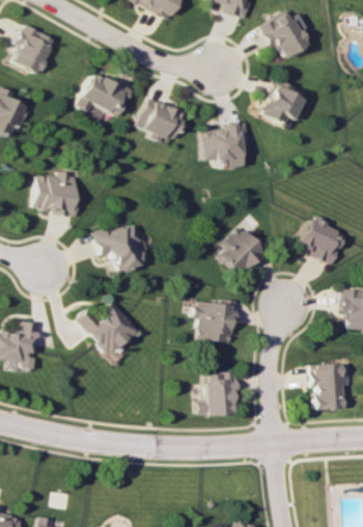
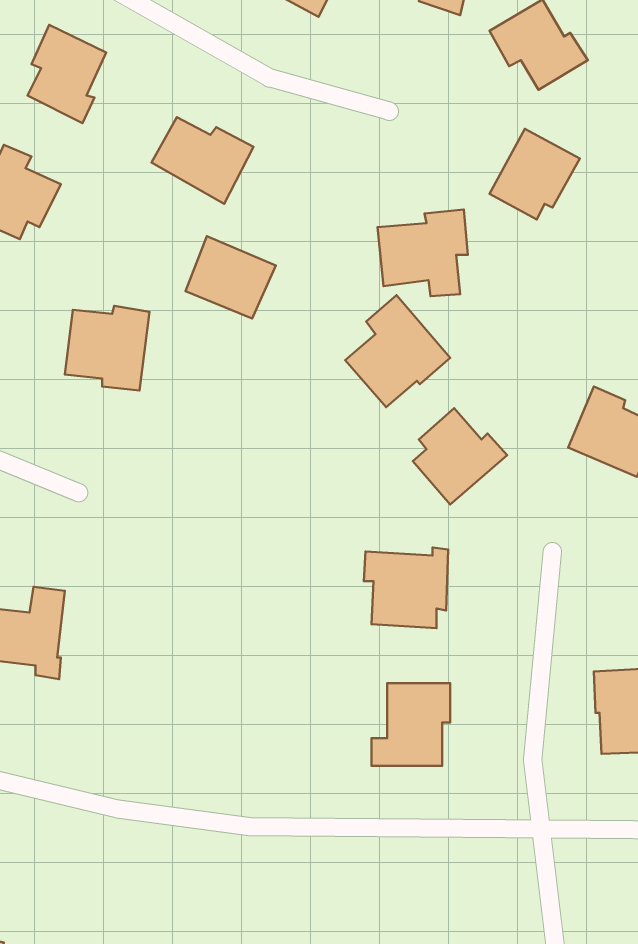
building: [137,98,185,141] -> [185,236,276,319]
building: none -> [345,295,450,407]
building: [92,224,143,272] -> none
building: [75,303,136,357] -> none

